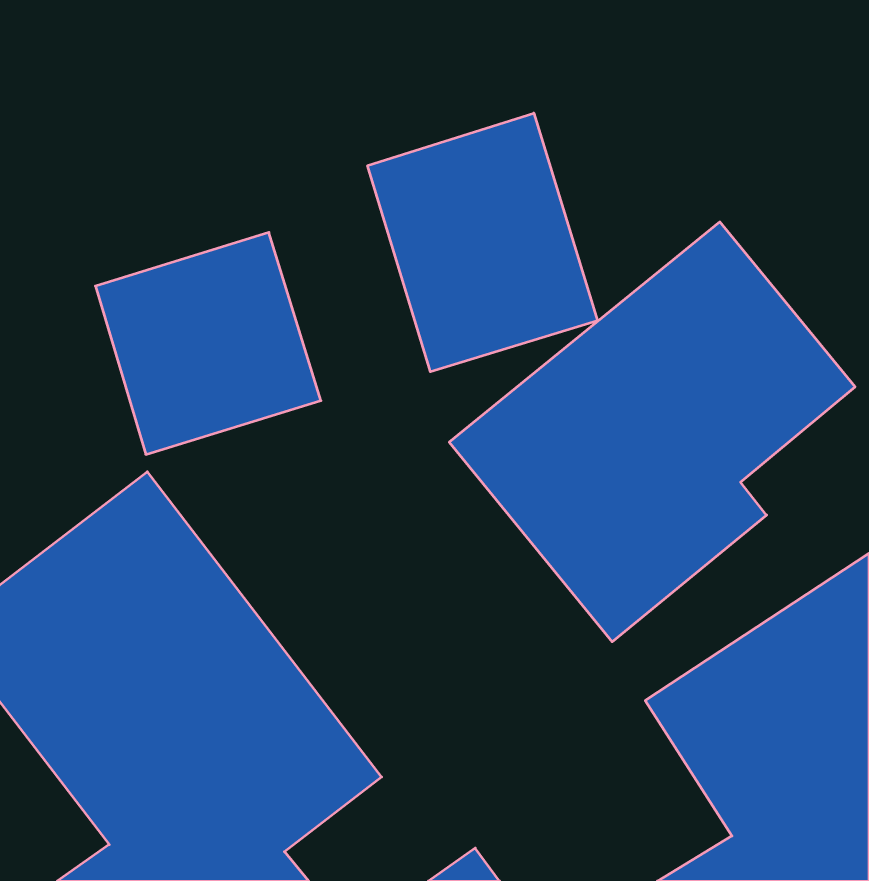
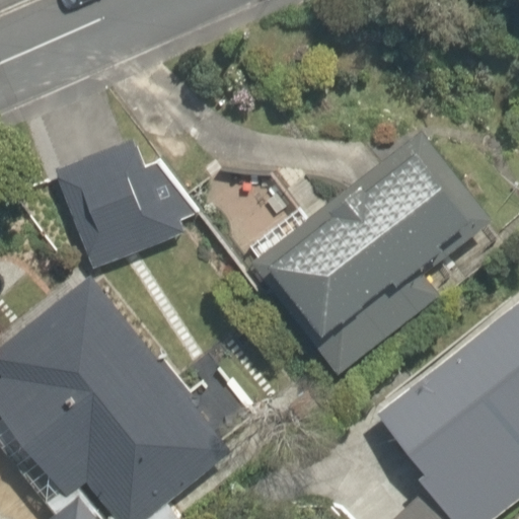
building: [368,113,598,372] -> none

